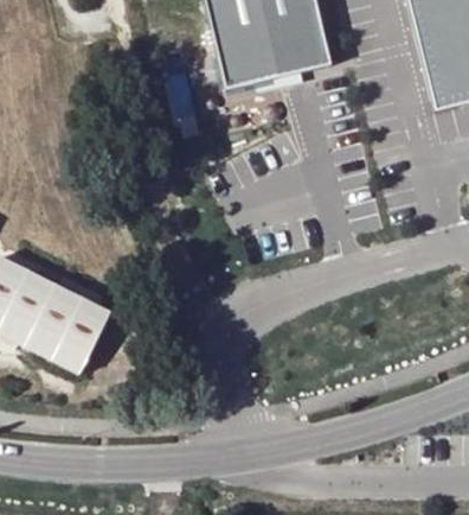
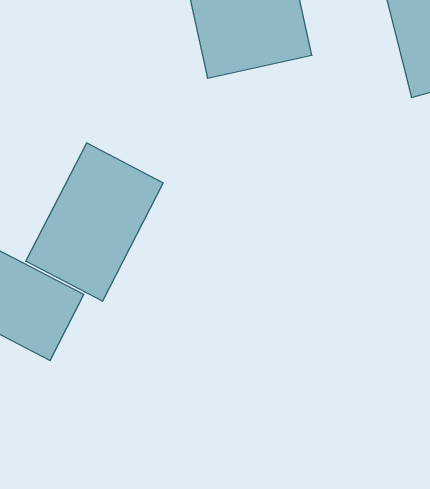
building: none -> [26,143,163,301]

